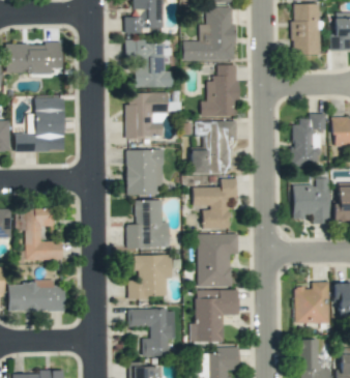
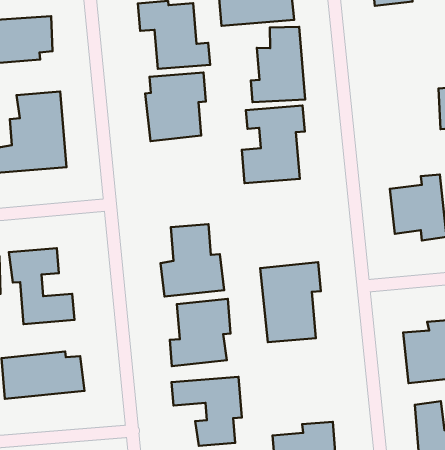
building: [292,113,326,166] -> none
building: [126,149,163,195] -> none
building: [193,178,236,229] -> none
building: [191,290,238,342] -> none

